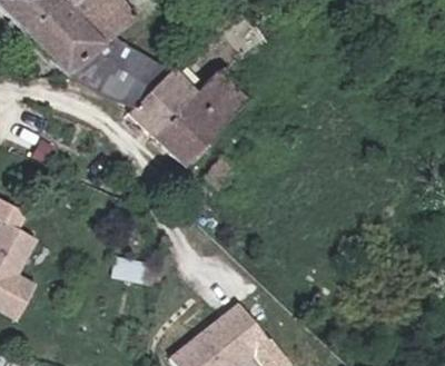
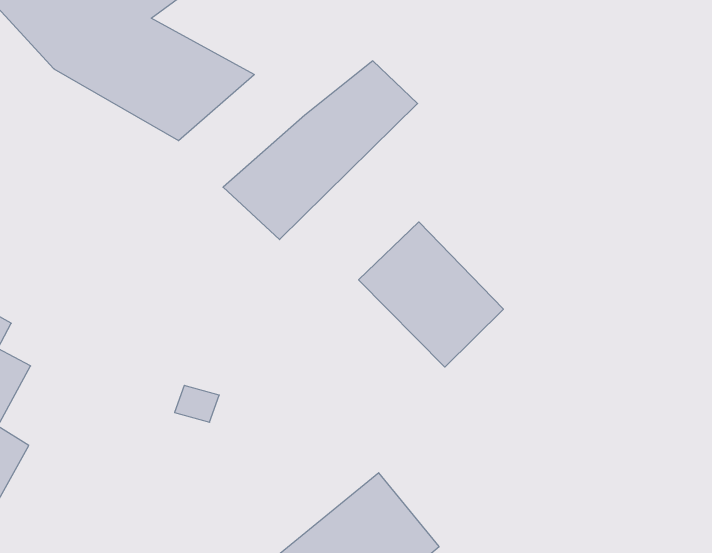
building: [126,70,198,135] -> none
building: none -> [359,222,503,367]

